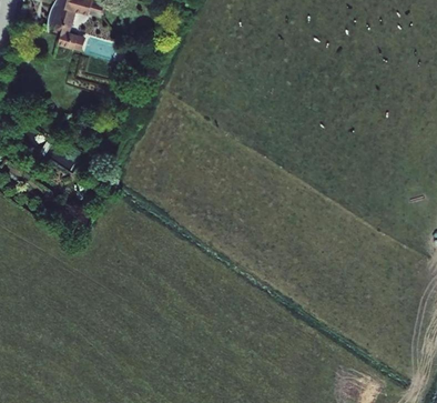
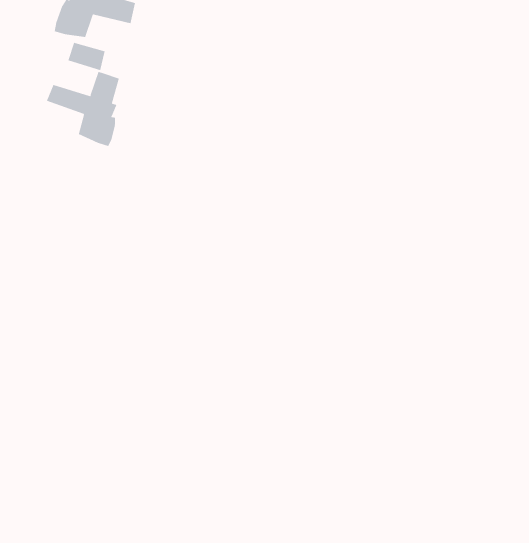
building: none -> [46,71,120,147]

